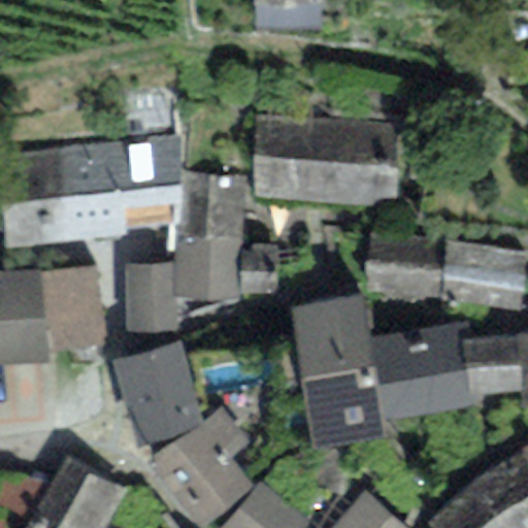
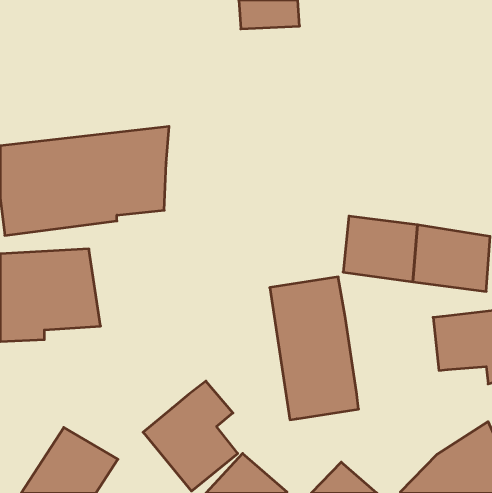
building: [253,116,400,205] -> none
building: [127,174,242,333] -> none
building: [370,321,480,422] -> none
building: [112,340,203,448] -> none

